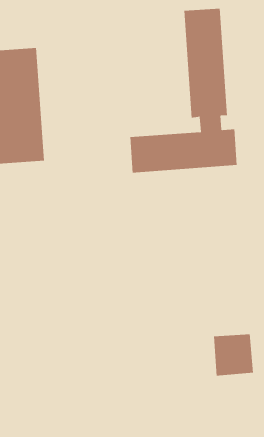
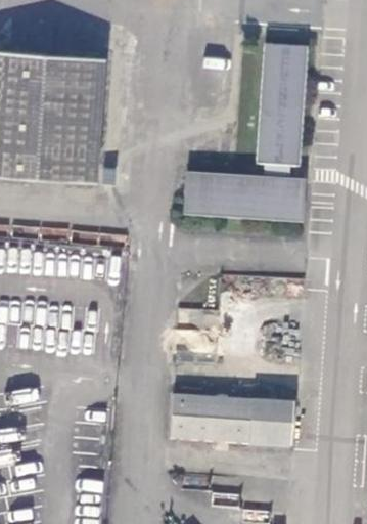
building: none -> [170,396,253,445]

